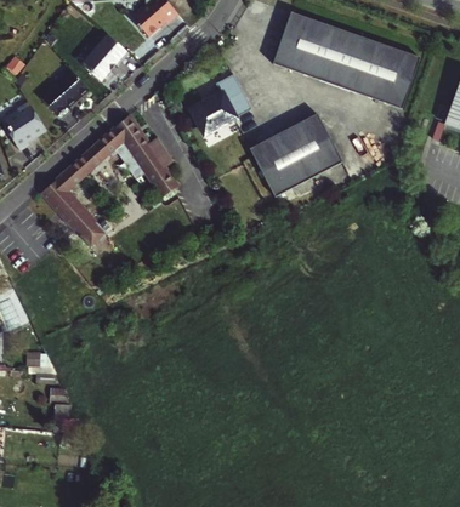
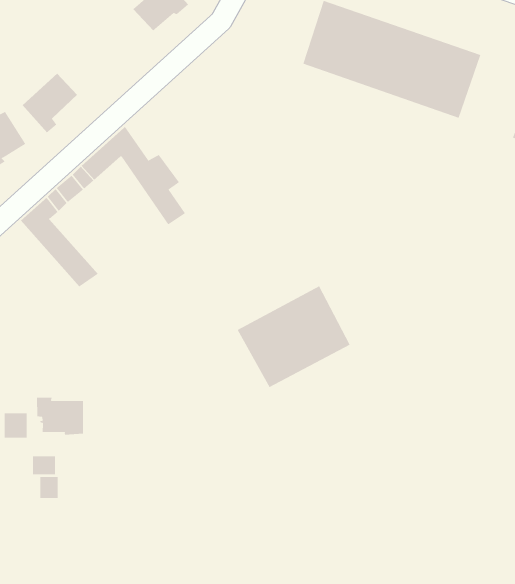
building: [84,33,131,82] -> none
building: [192,73,251,132] -> none
building: [249,113,342,196] -> [237,286,351,388]
building: none -> [37,397,84,436]

